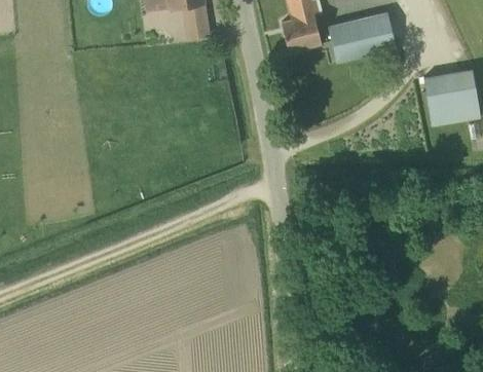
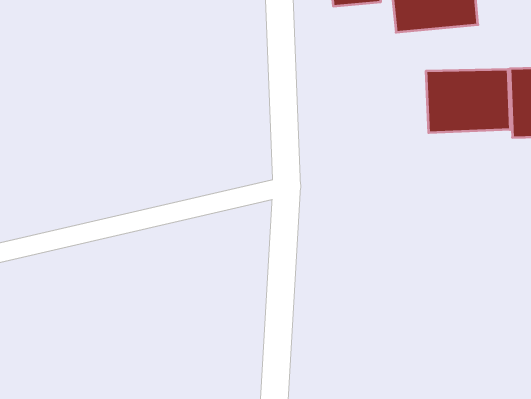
building: none -> [426,69,510,133]

